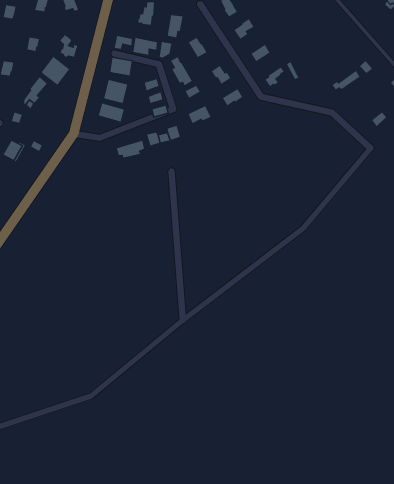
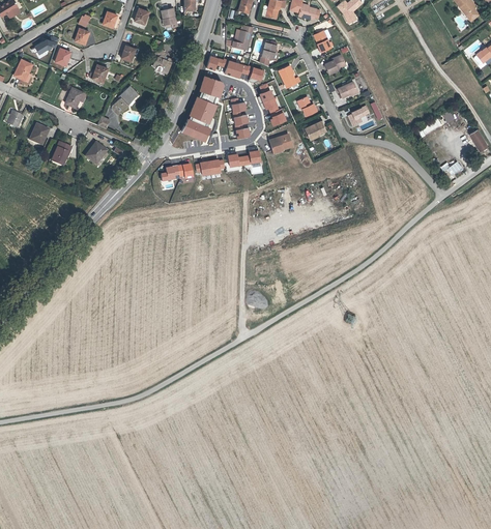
building: [40,56,70,86] -> none
building: none -> [160,164,192,180]

